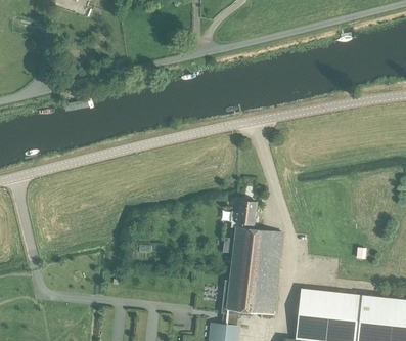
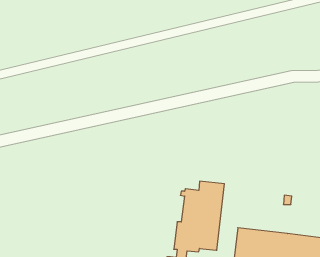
building: [235,200,257,241] -> none

